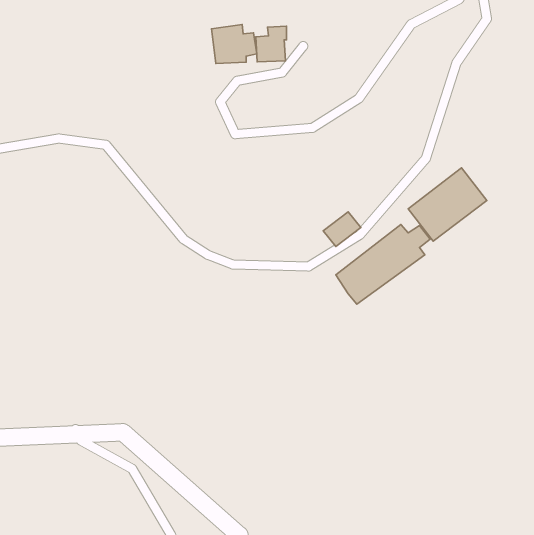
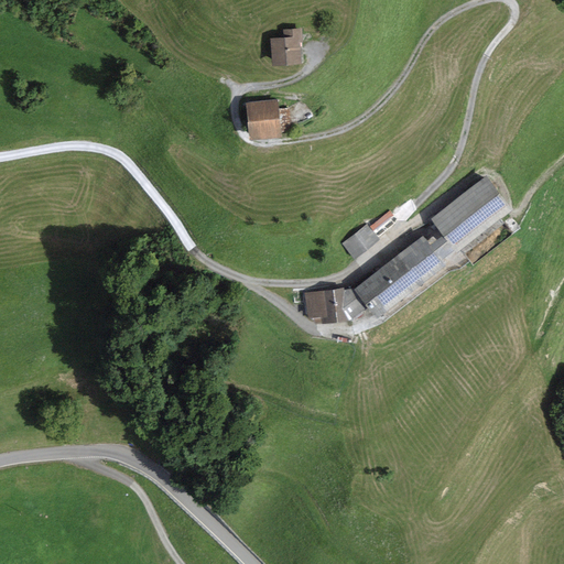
building: [212,25,257,63] -> [243,98,291,139]
building: none -> [303,288,366,324]

